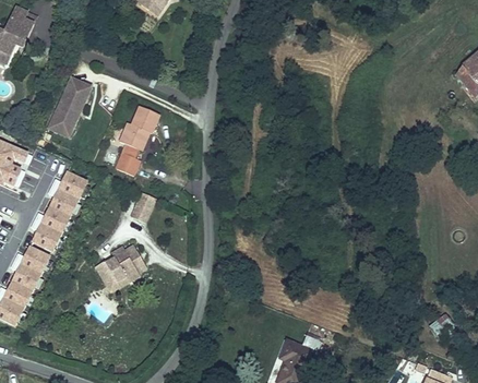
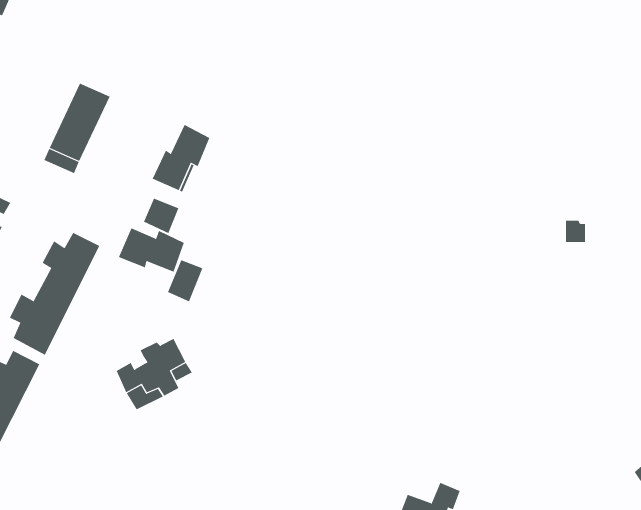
building: none -> [118,227,184,272]

